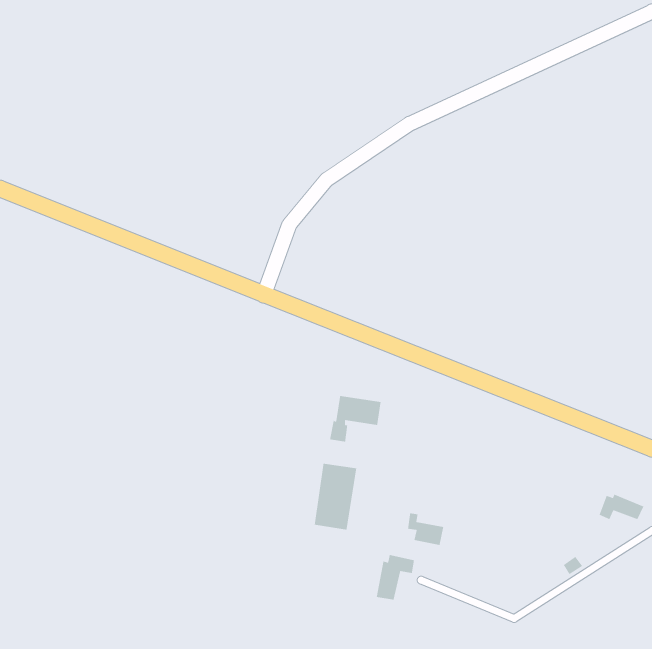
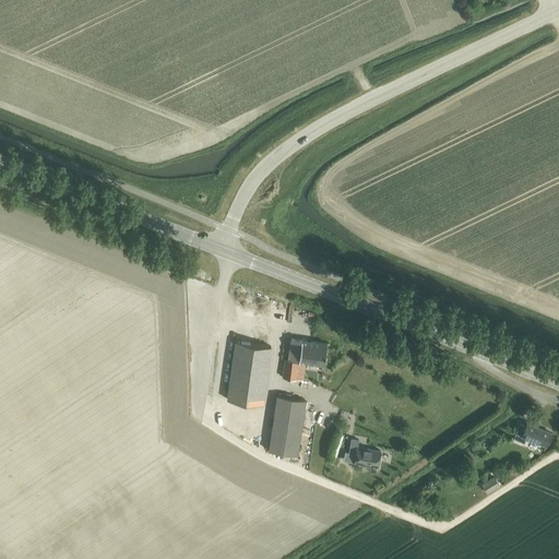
building: none -> [226,344,271,407]
building: [376,554,415,600] -> none

